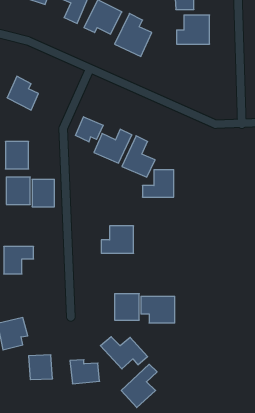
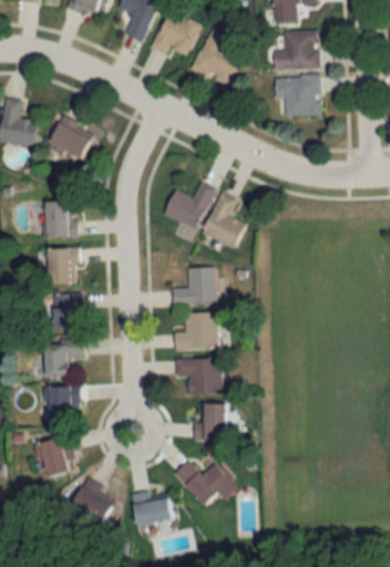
building: none -> [275,76,321,115]
building: [76,117,103,142] -> none
building: [142,170,174,197] -> [173,268,215,305]
building: [32,179,54,207] -> [52,295,82,331]
building: none -> [48,388,76,423]
building: [141,296,175,323] -> [176,359,222,394]
building: [121,364,157,408] -> none

